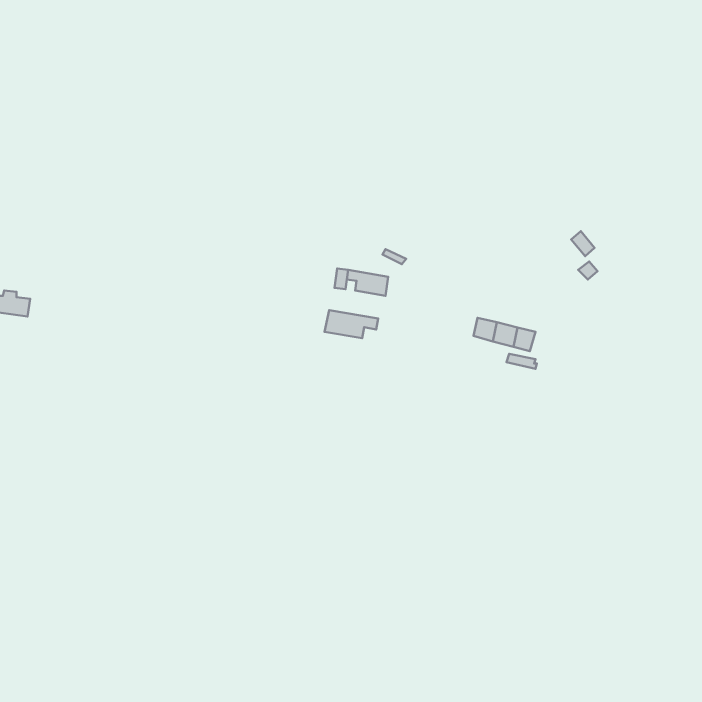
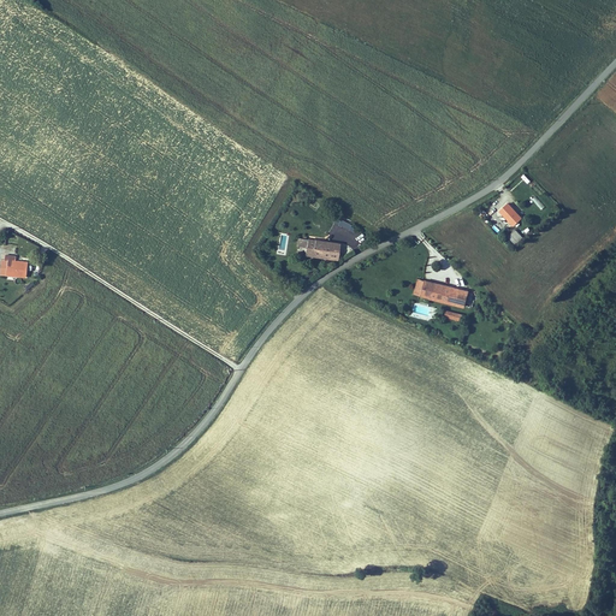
building: [325,310,378,338] -> none

